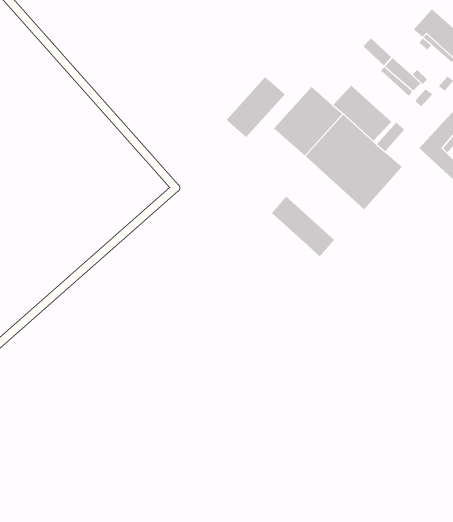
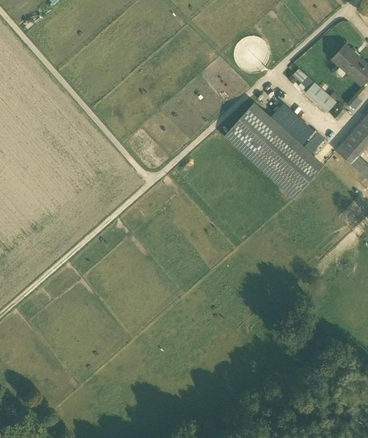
building: [226,76,286,138] -> none
building: [271,196,335,257] -> none

